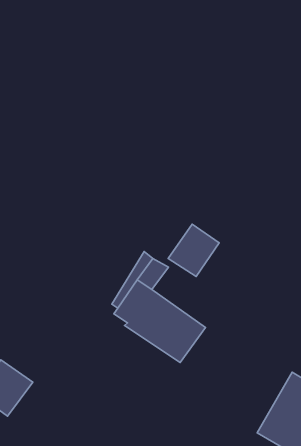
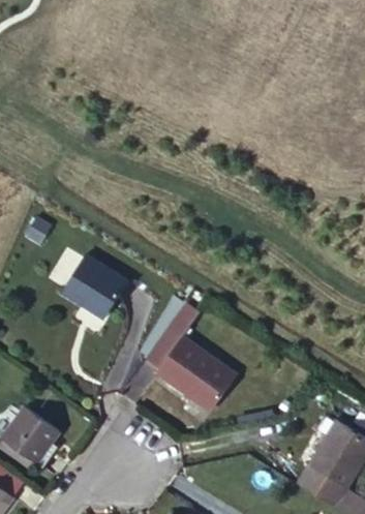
building: none -> [64,252,128,314]
building: [168,224,219,277] -> none

